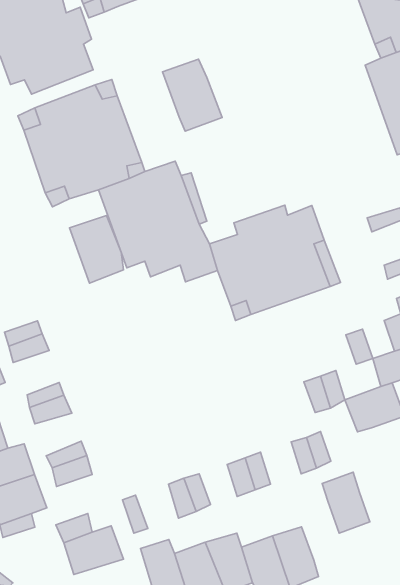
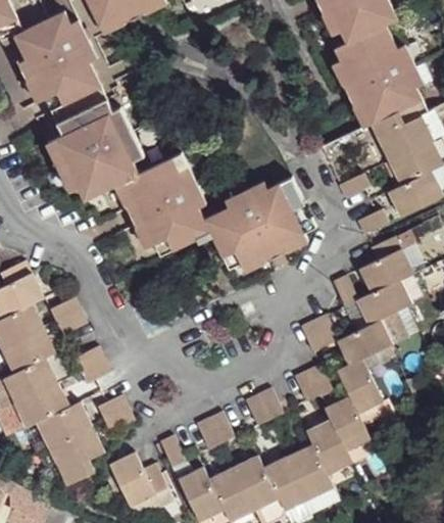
building: [162,59,222,131] -> none
building: [69,216,123,283] -> none
building: none -> [337,358,383,413]
building: none -> [307,423,350,473]

